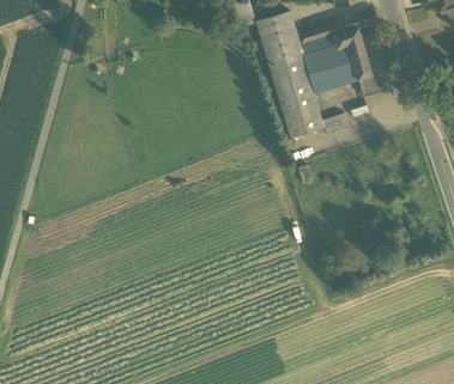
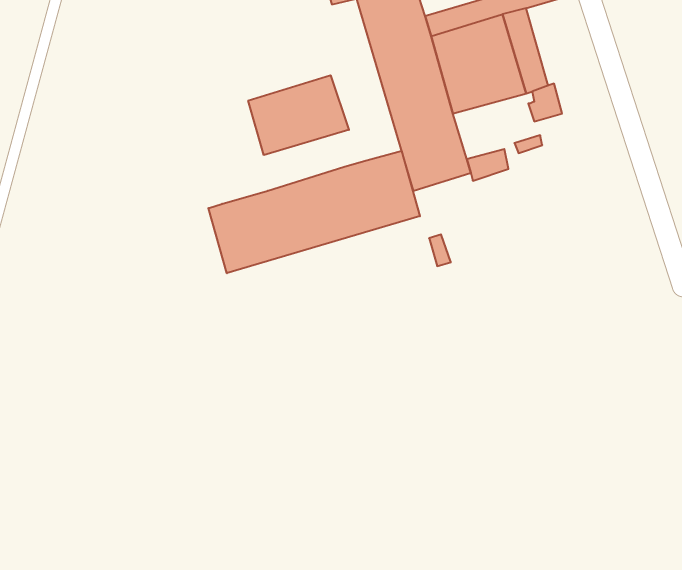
building: none -> [248,75,349,155]
building: none -> [208,151,420,273]

